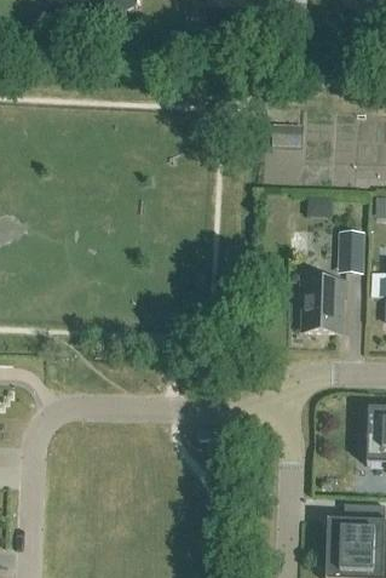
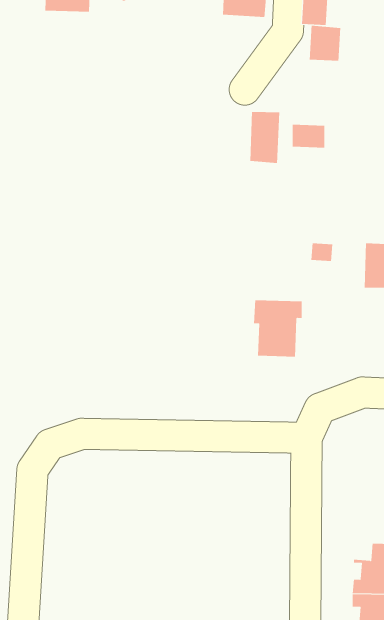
building: none -> [309,25,341,61]
building: none -> [250,111,280,164]
building: [300,279,345,331] -> [253,300,303,357]

